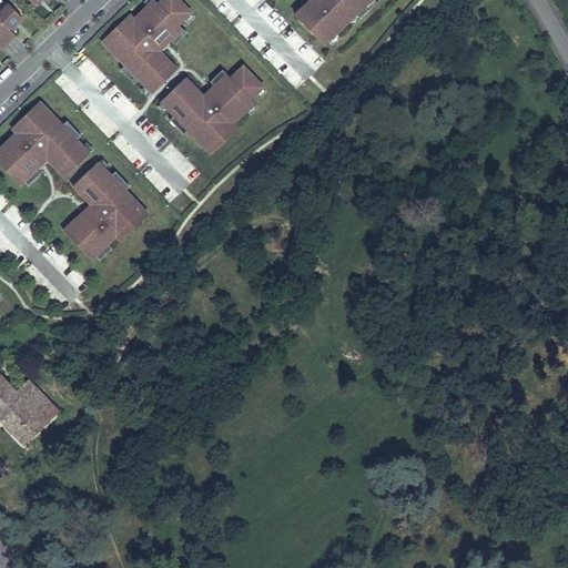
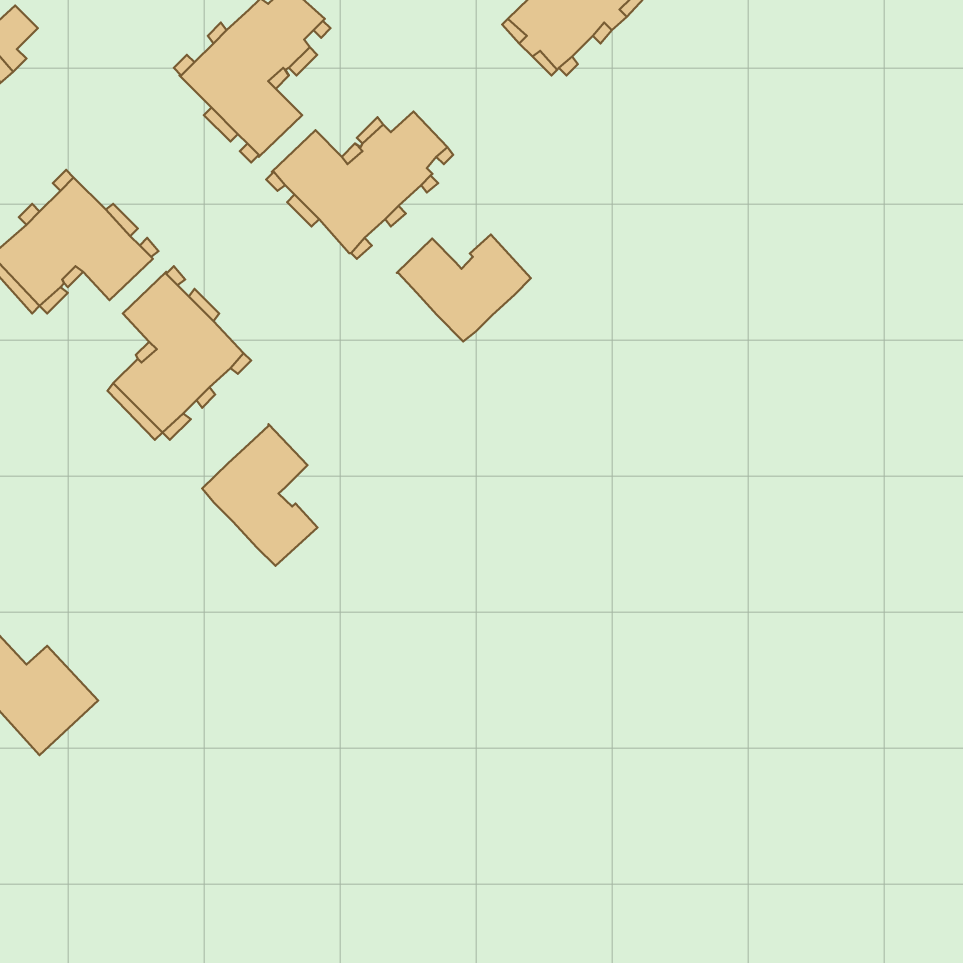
building: none -> [397,234,531,342]
building: none -> [202,424,318,566]

